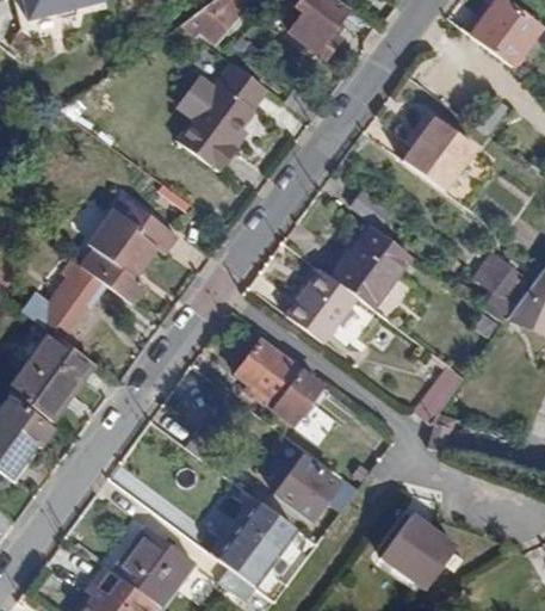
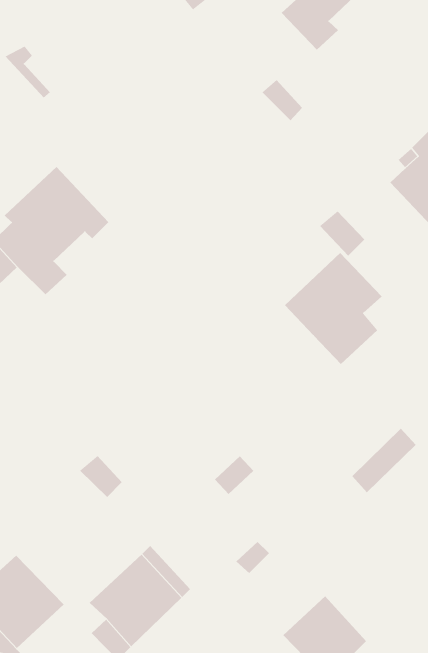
building: [176,63,268,169] -> none
building: [291,271,363,345] -> none
building: [236,339,324,425] -> none
building: [274,455,339,518] -> none

